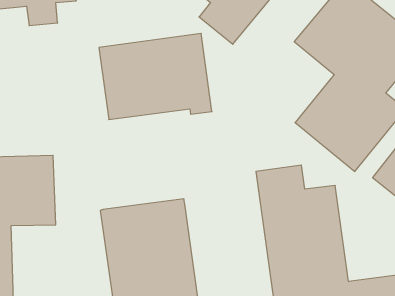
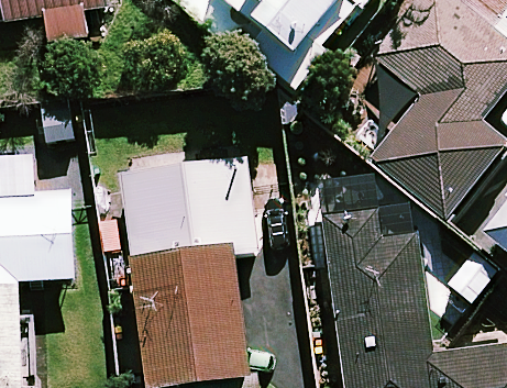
building: [99,33,212,120] -> [121,155,261,262]

